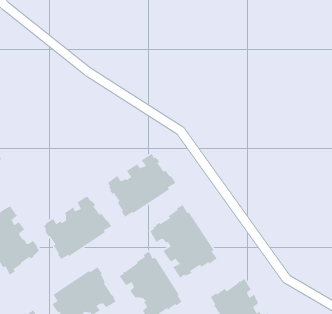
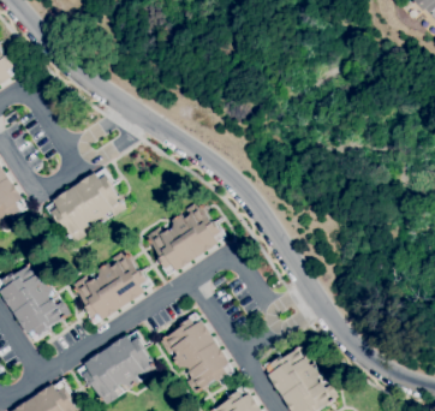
building: none -> [46,168,125,242]
building: [150,204,218,279] -> none

